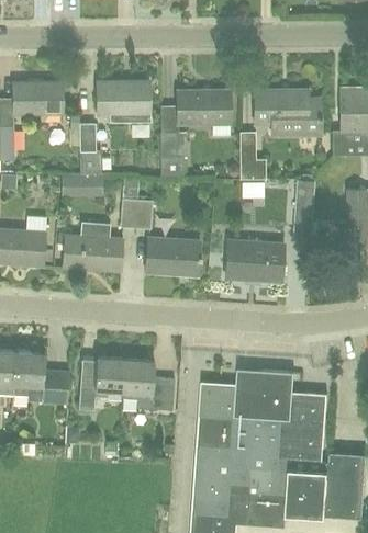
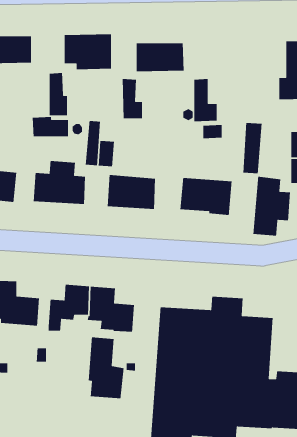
building: [255,89,320,135] -> none
building: none -> [252,176,291,236]
building: none -> [88,337,124,399]

